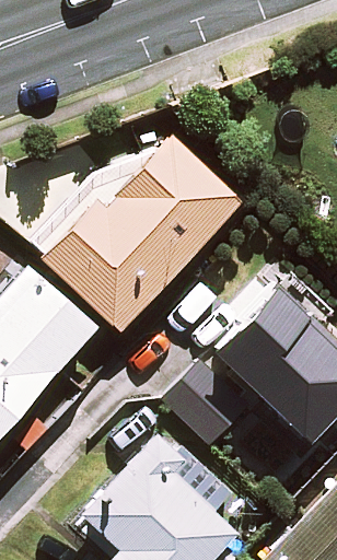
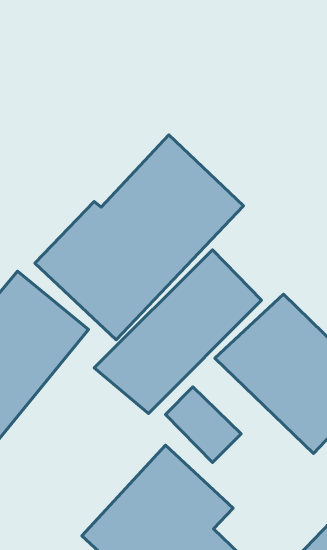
building: none -> [94,250,261,414]

